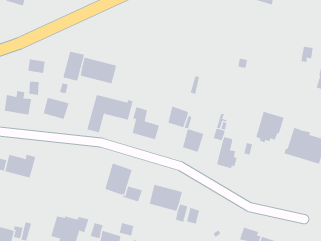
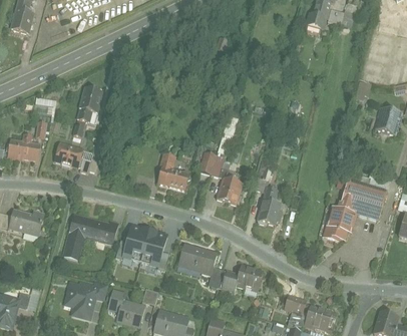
building: [80,57,117,84] -> none
building: [87,94,134,133] -> [63,214,118,259]
building: [256,111,285,143] -> [322,206,356,244]
building: none -> [235,265,263,292]

